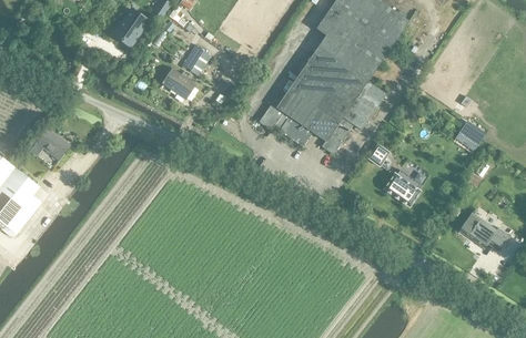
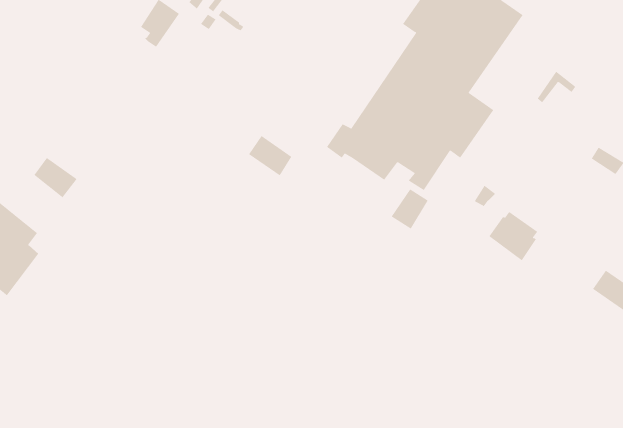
building: [182,44,212,75] -> none
building: [162,68,195,99] -> [248,135,292,176]
building: none -> [391,188,428,229]

